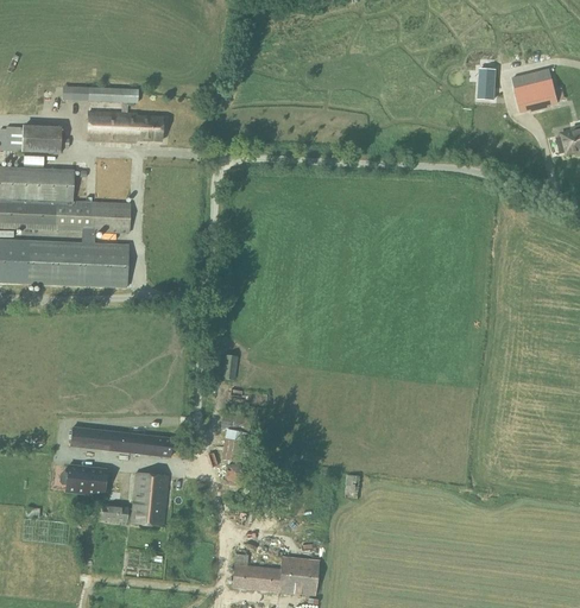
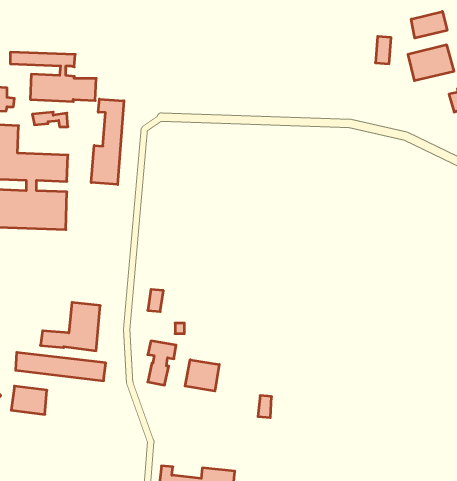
building: none -> [411,11,447,38]
building: none -> [91,99,124,185]
building: none -> [185,360,219,391]
building: [100,471,168,526] -> [40,302,100,351]

